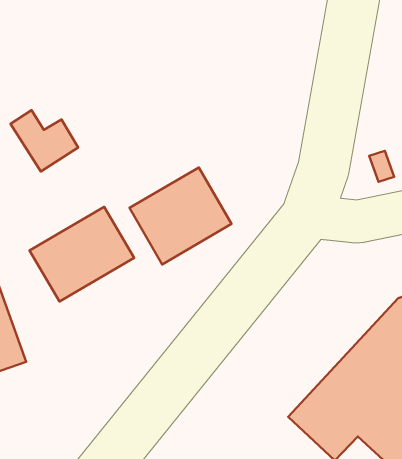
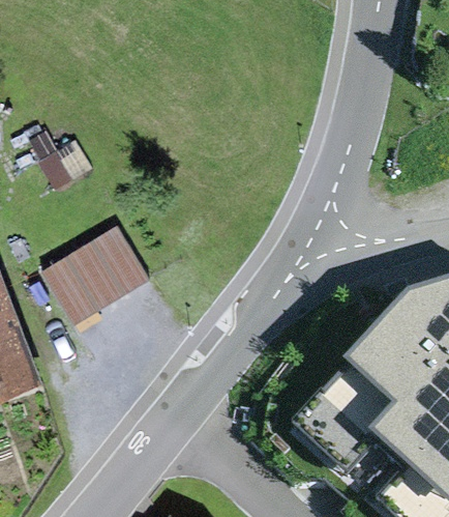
building: [129,167,231,264] -> none

